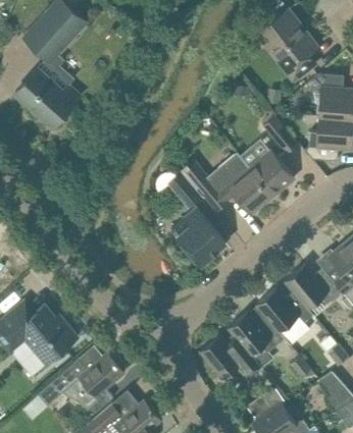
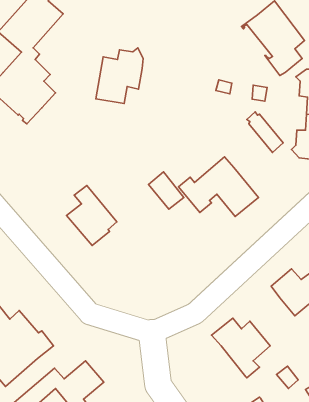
building: none -> [96,48,143,104]
building: [249,150,294,196] -> none
building: [177,208,224,265] -> [67,186,117,245]
building: [256,287,312,344] -> none
building: [199,334,260,379] -> none

